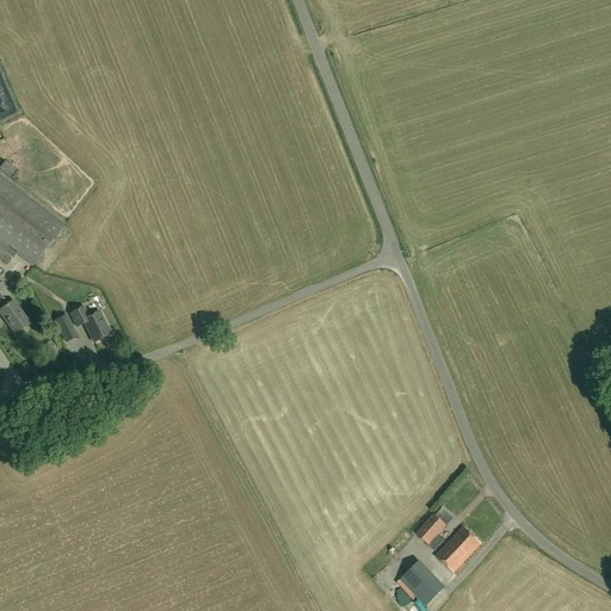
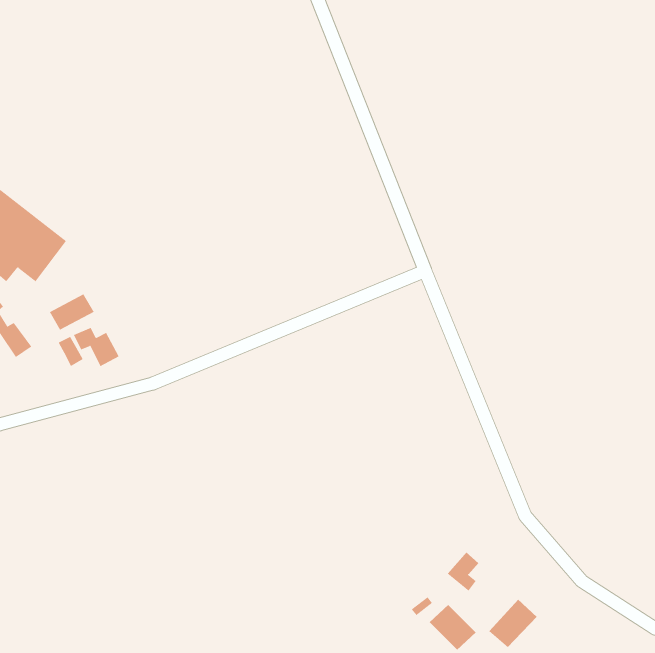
building: none -> [49,294,94,330]
building: [436,526,481,572] -> [489,599,537,648]

